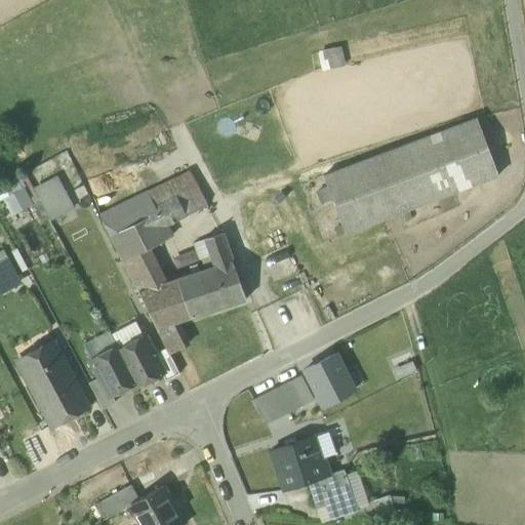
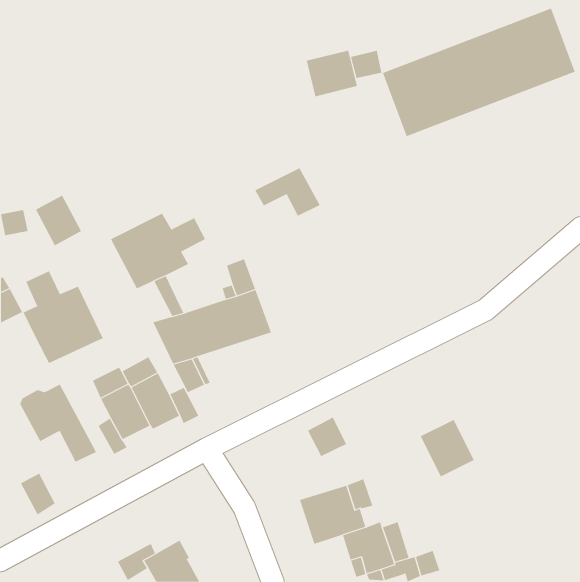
building: none -> [306,50,357,97]
building: [324,118,498,234] -> [382,8,575,137]
building: [148,171,207,215] -> [254,167,320,216]
building: none -> [23,271,103,364]
building: [124,253,156,290] -> none
building: [305,354,354,406] -> [420,419,475,477]
building: [254,388,290,423] -> none
building: [37,389,69,427] -> [20,473,55,515]

